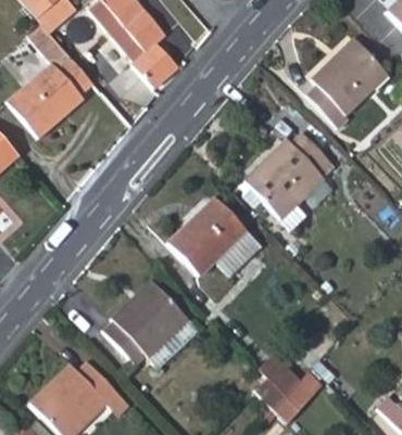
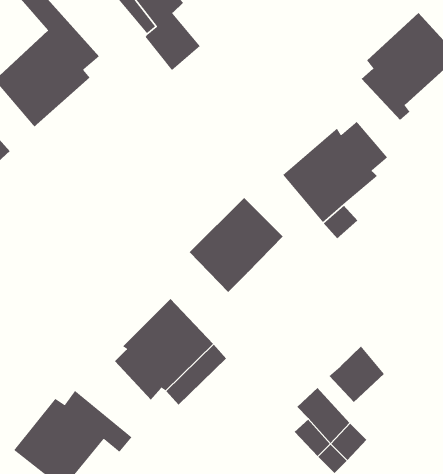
building: [217,227,263,273] -> none
building: none -> [329,346,385,403]

